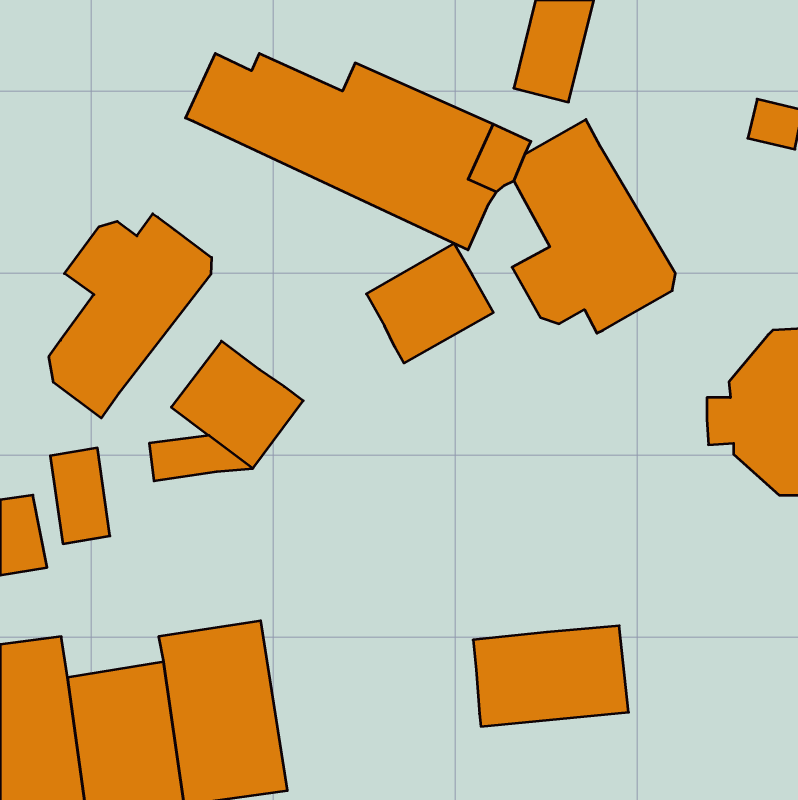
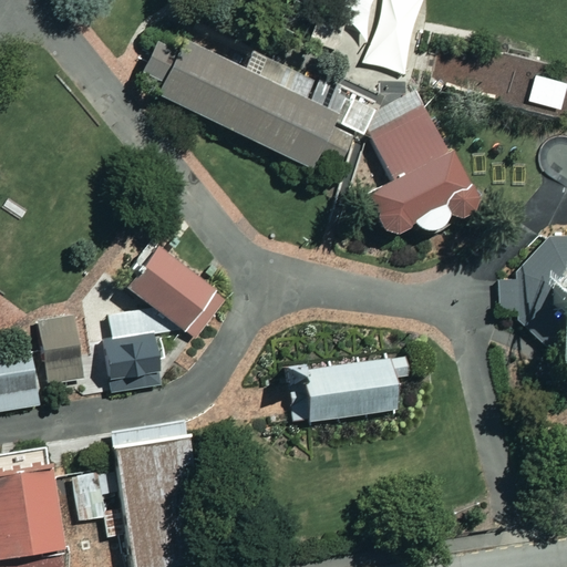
building: [49,214,212,418] -> none
building: [366,243,493,363] -> none
building: none -> [105,334,163,391]
building: [473,626,629,726] -> [289,353,399,424]

